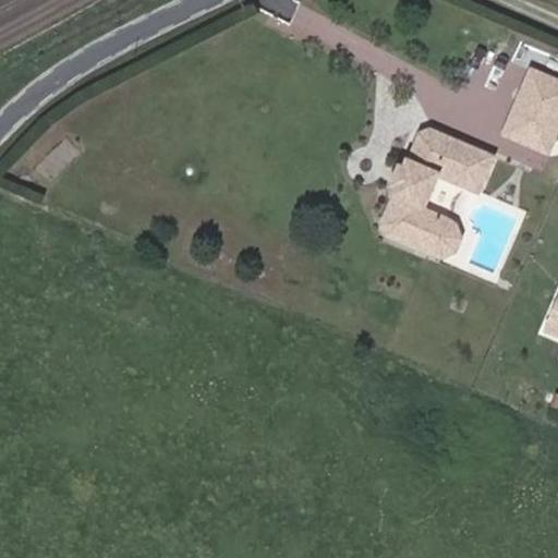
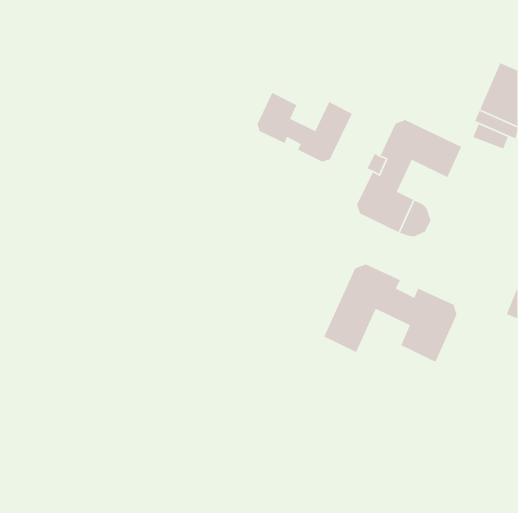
building: none -> [256,92,353,162]
building: none -> [323,263,458,363]

